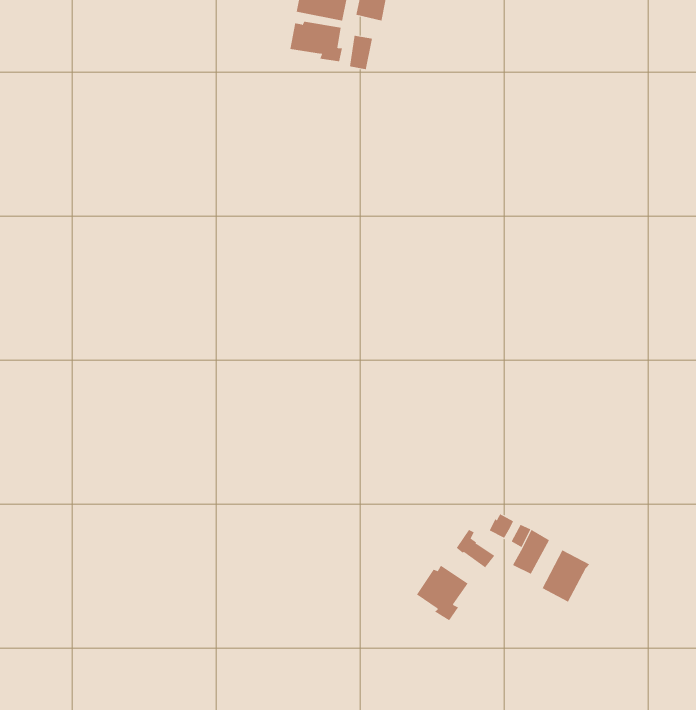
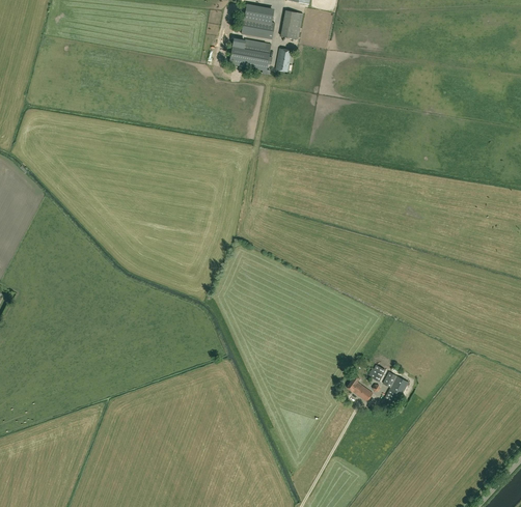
building: [542,549,590,602] -> none
building: [416,565,469,621] -> none

